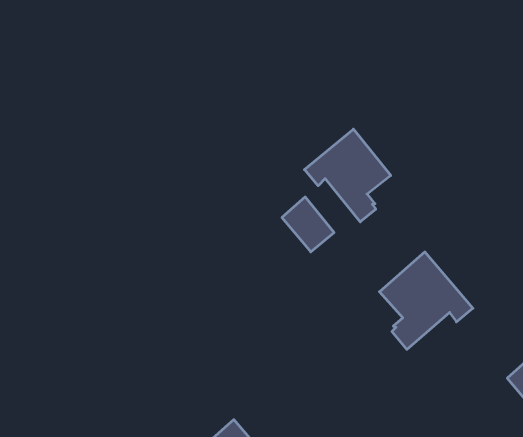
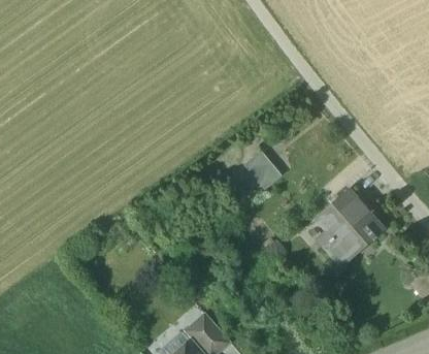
building: [304,129,391,222] -> none

